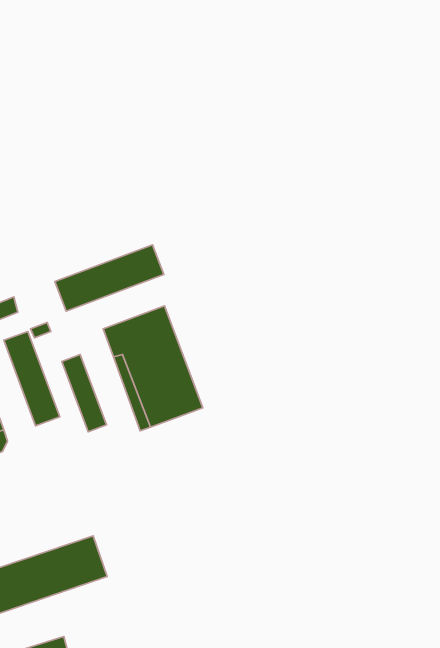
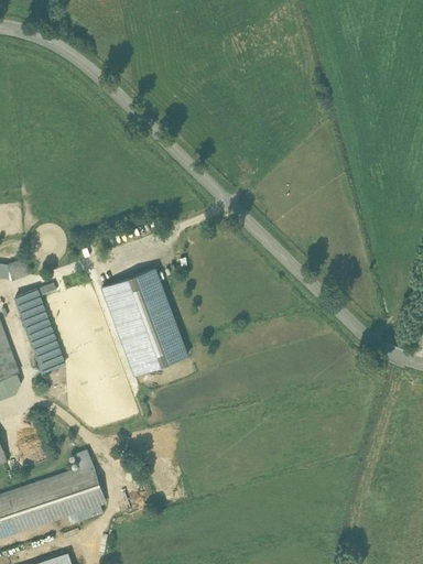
building: [55,245,164,311] -> none
building: [62,354,106,432] -> none

